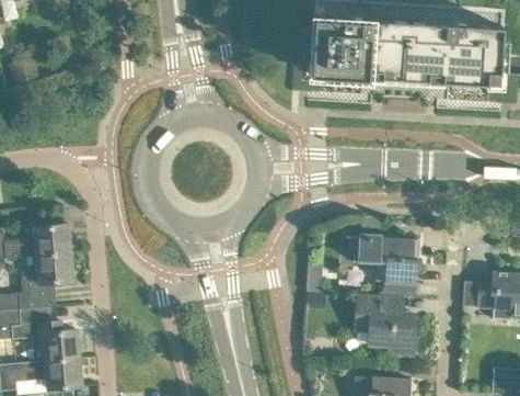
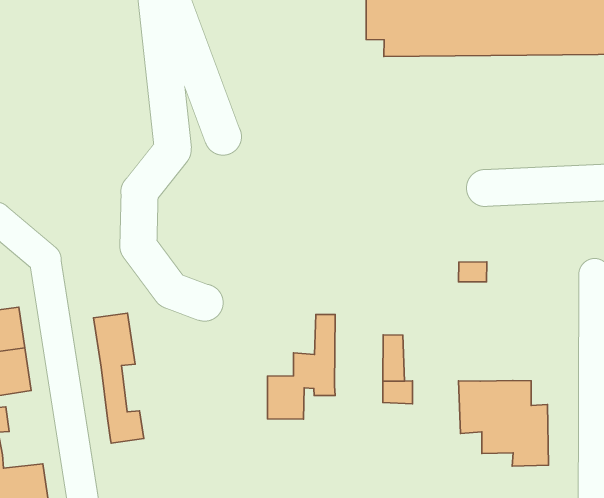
building: none -> [94,313,144,443]
building: [354,237,418,296] -> none
building: none -> [267,314,335,419]

